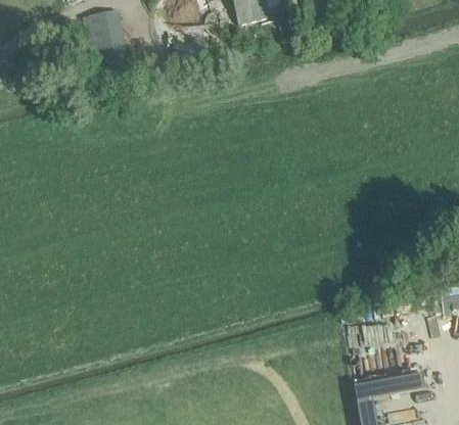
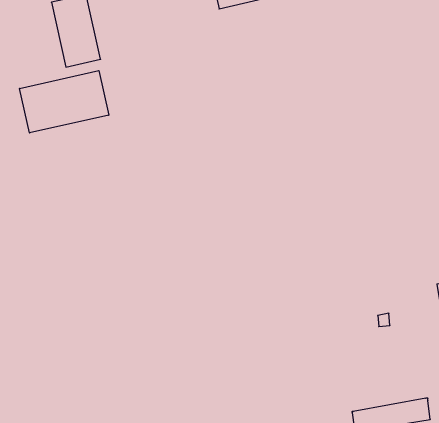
building: none -> [20,71,109,133]

